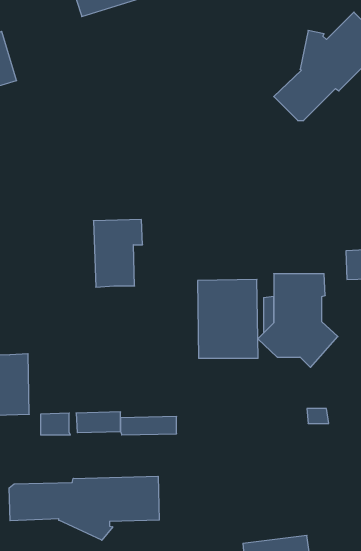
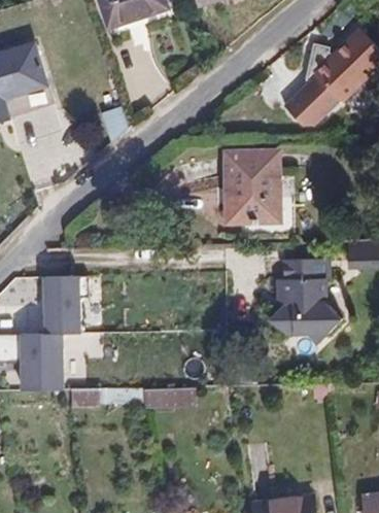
building: [93,220,143,287] -> [42,274,87,335]
building: [198,279,258,358] -> [226,151,280,223]
building: [9,476,159,540] -> none

